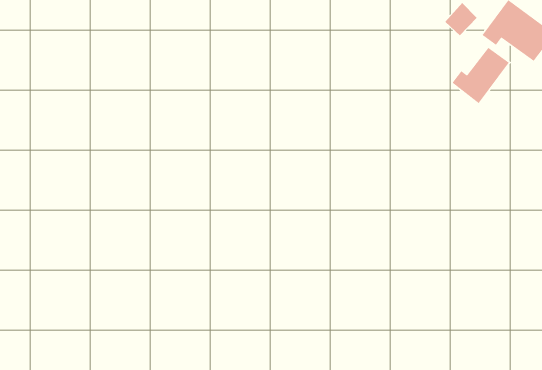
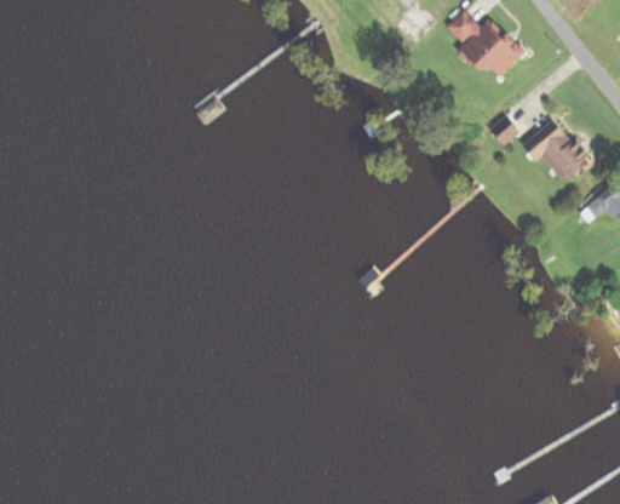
building: [452,47,510,104] -> none

